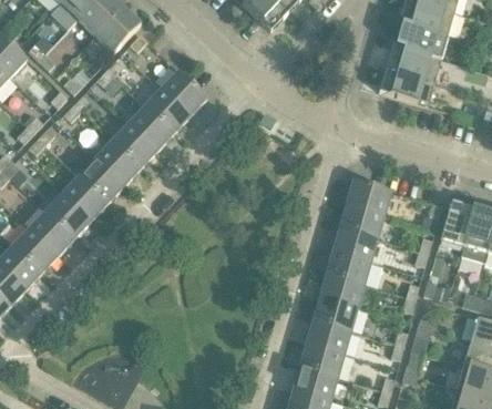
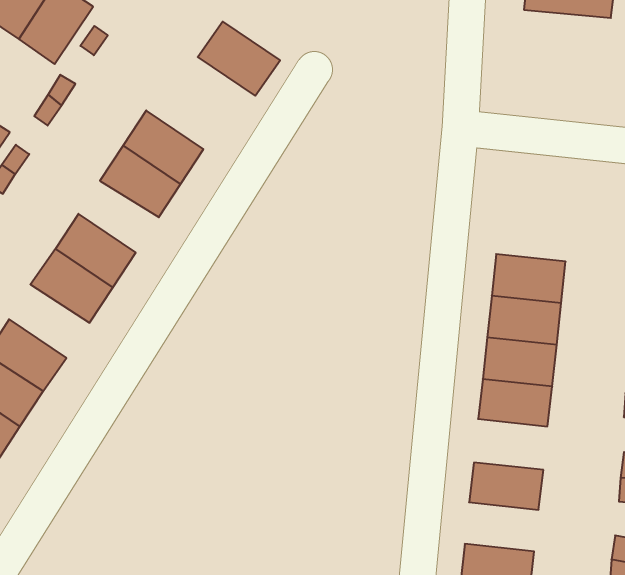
building: [379,68,434,105] -> none
building: [161,70,207,115] -> [198,22,280,96]
building: [112,123,157,167] -> none
building: [62,175,107,221] -> none
building: [346,181,391,215] -> none
building: [312,296,358,331] -> none
building: [299,342,345,377] -> none

